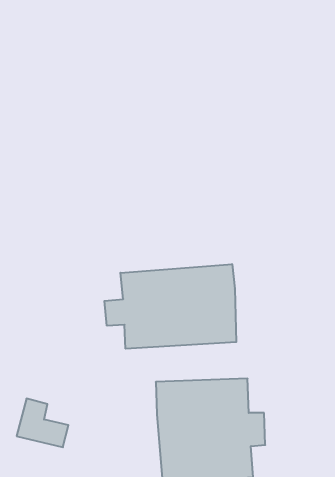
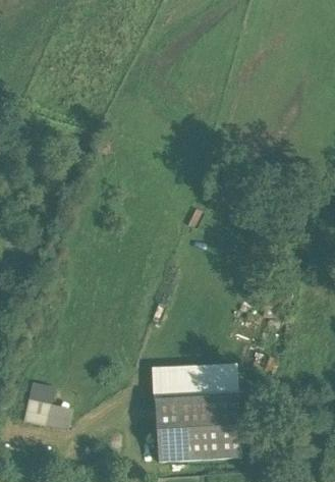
building: [104,264,236,349] -> none

